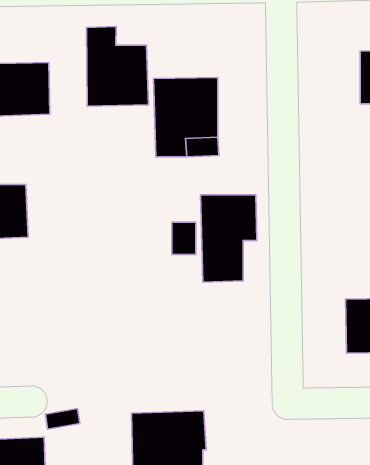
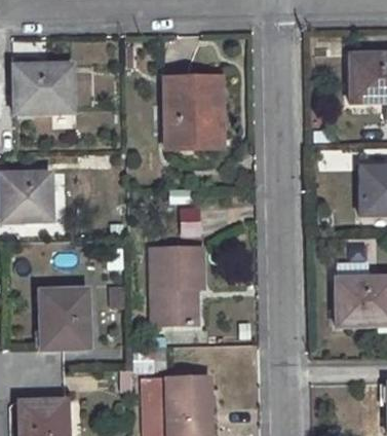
building: [87,27,148,106] -> none
building: [201,195,257,282] -> [152,247,202,325]
building: none -> [40,289,89,350]

